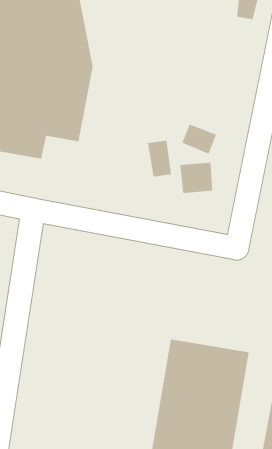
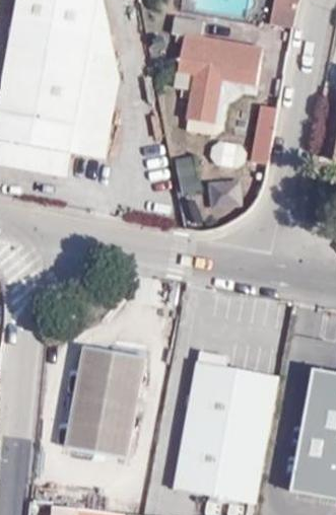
building: none -> [174,29,259,121]
building: none -> [253,102,277,161]
building: none -> [69,356,144,465]

